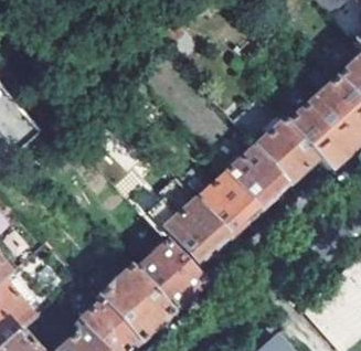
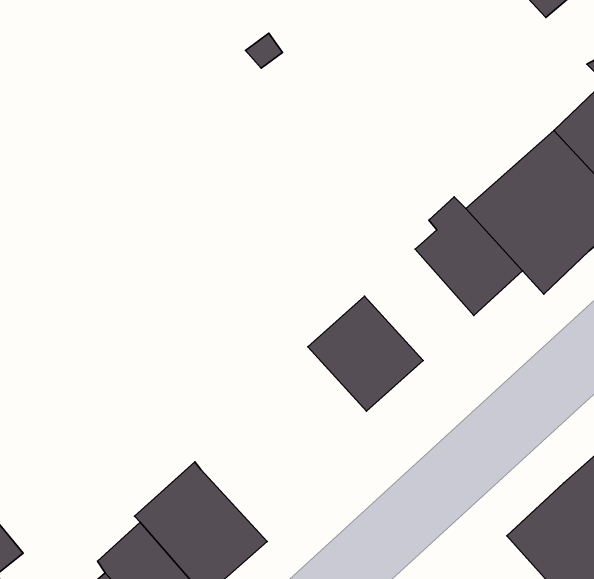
building: [230,145,291,208] -> none
building: [168,200,231,265] -> none
building: [137,241,206,310] -> none

